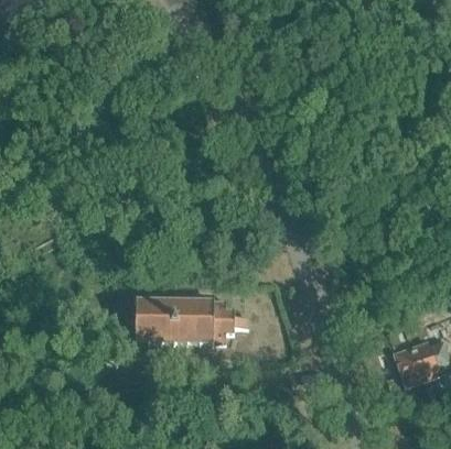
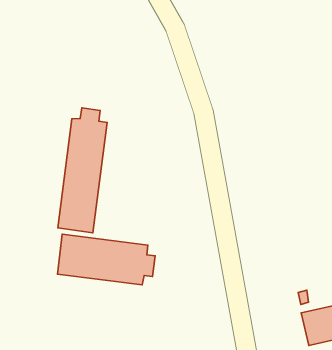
building: none -> [58,108,107,233]

